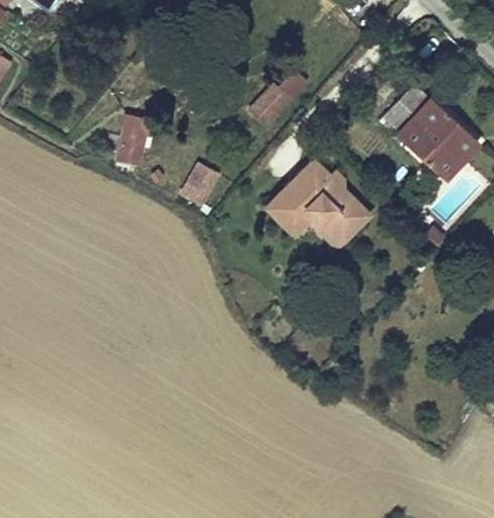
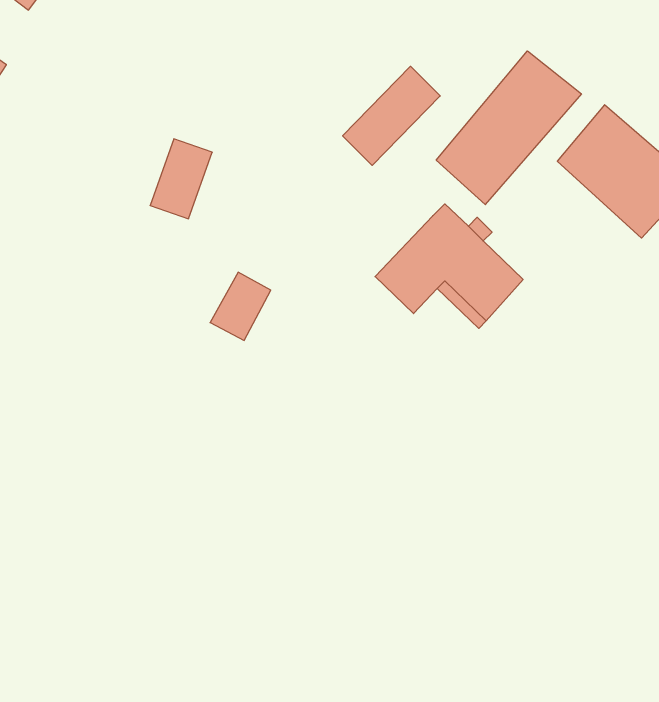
building: none -> [436,51,581,205]
building: [178,163,220,209] -> [210,272,271,340]

